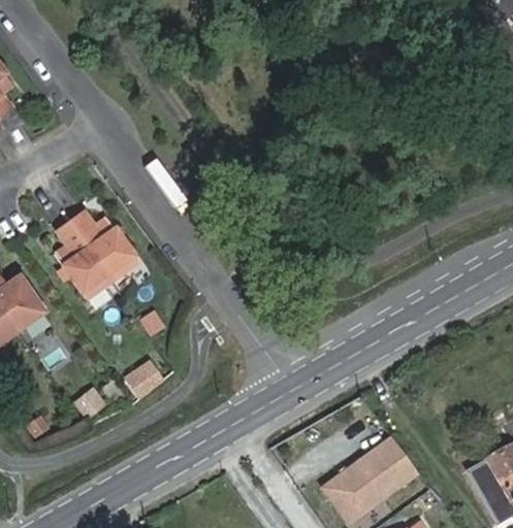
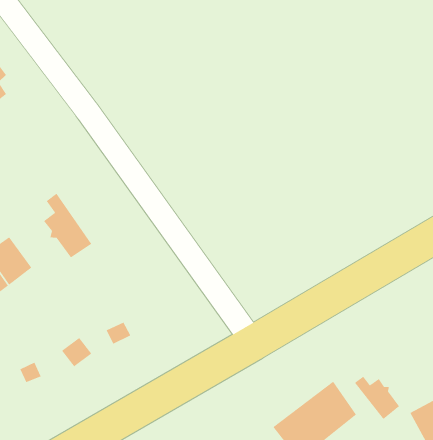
building: [71,211,138,279] -> none
building: none -> [354,376,400,420]

